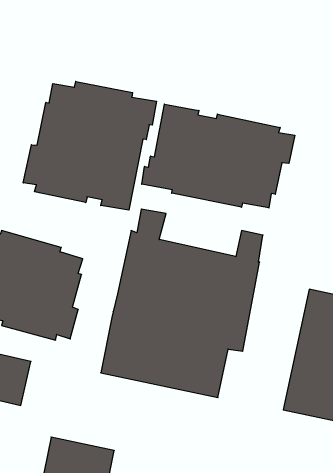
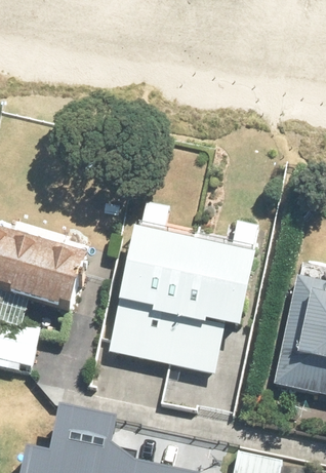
building: [23,81,157,210] -> none
building: [142,104,295,208] -> none

